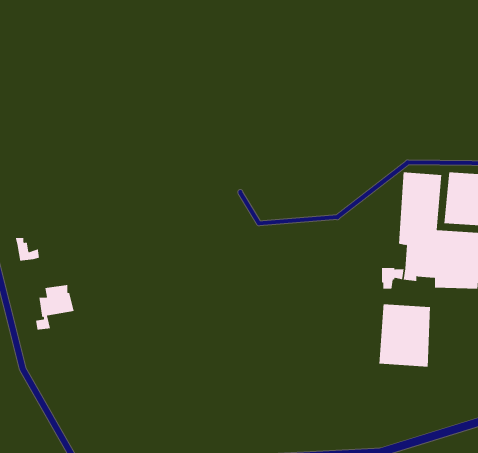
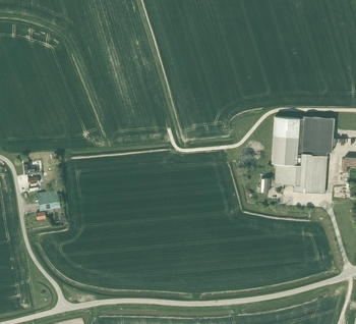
building: [379,304,431,367] -> none

